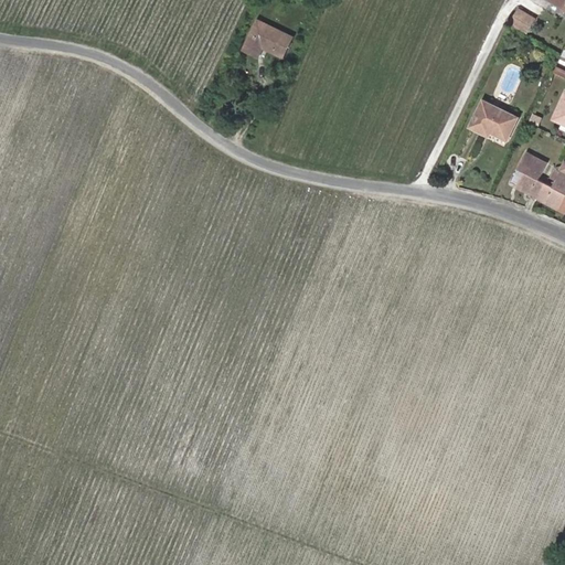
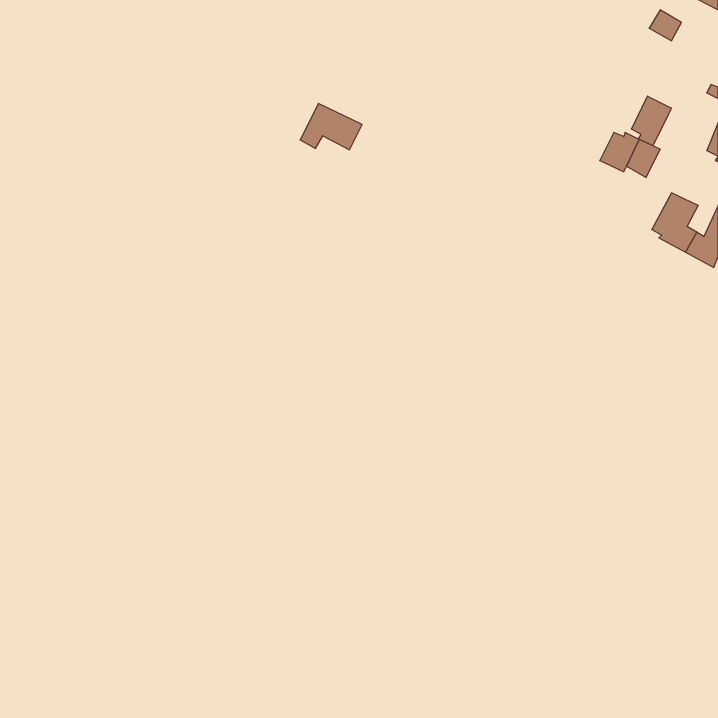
building: [244,20,292,56] -> [300,103,362,150]
building: none -> [632,96,671,146]

